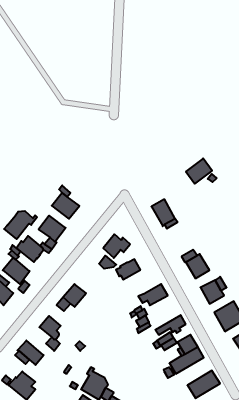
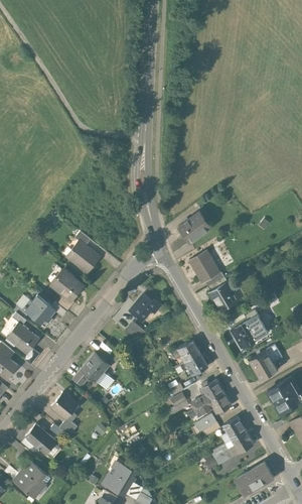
building: [186,158,212,184] -> [177,211,209,242]
building: [4,211,37,239] -> none
building: none -> [210,282,238,310]
building: [116,259,140,280] -> [171,342,201,367]
building: none -> [190,380,225,411]

